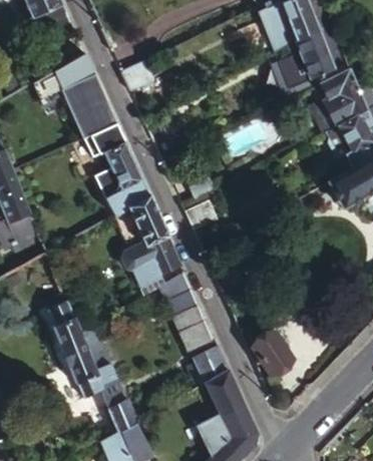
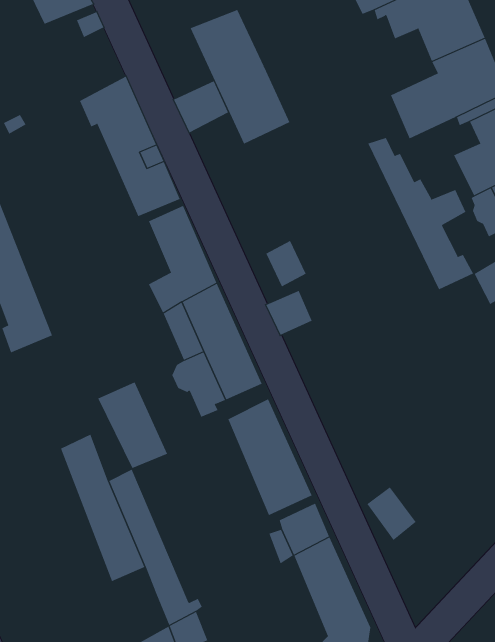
building: none -> [190,9,290,144]
building: none -> [367,137,474,290]
building: none -> [97,381,168,469]

